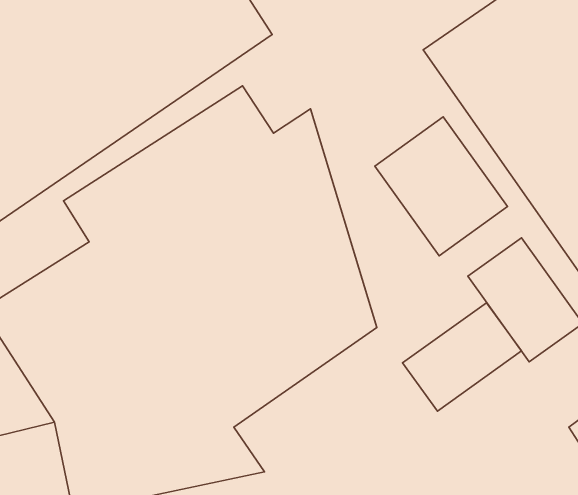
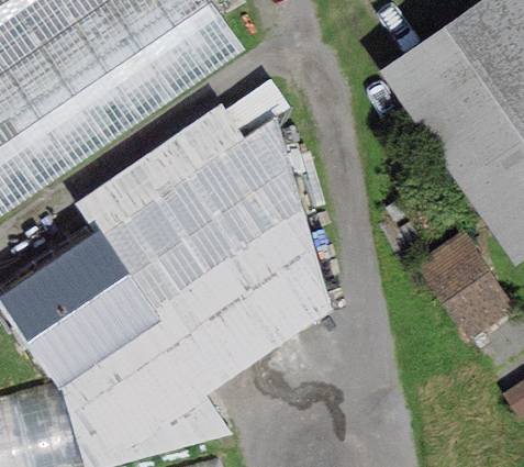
building: [375,117,508,256] -> none
building: [403,303,521,411] -> none

